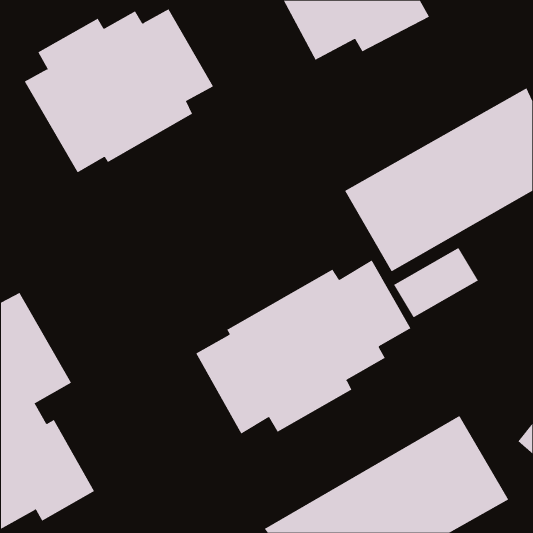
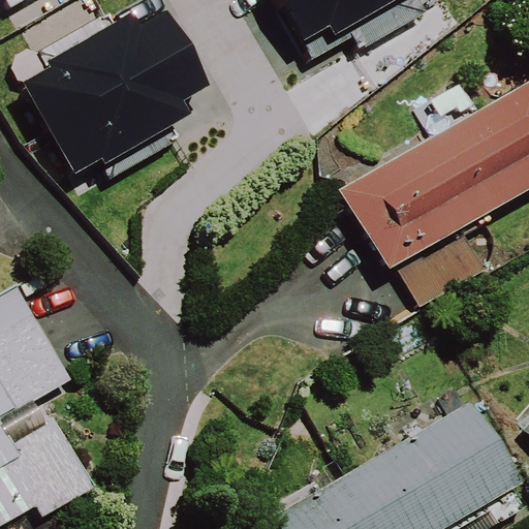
building: [196,260,411,434] -> none

